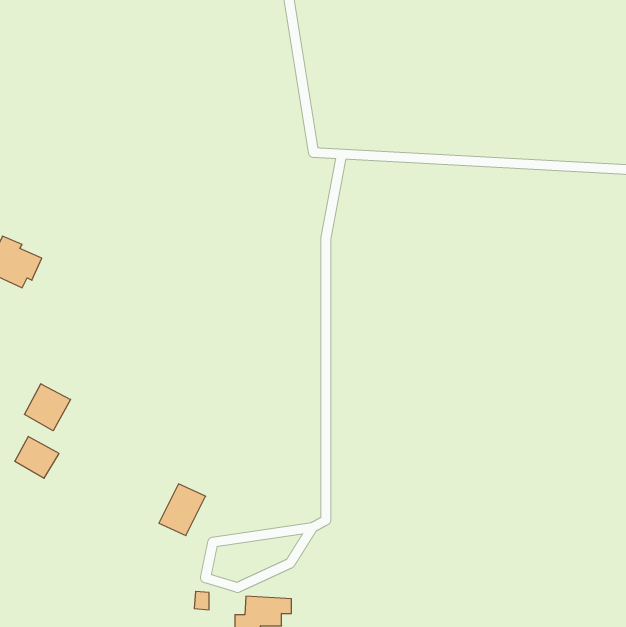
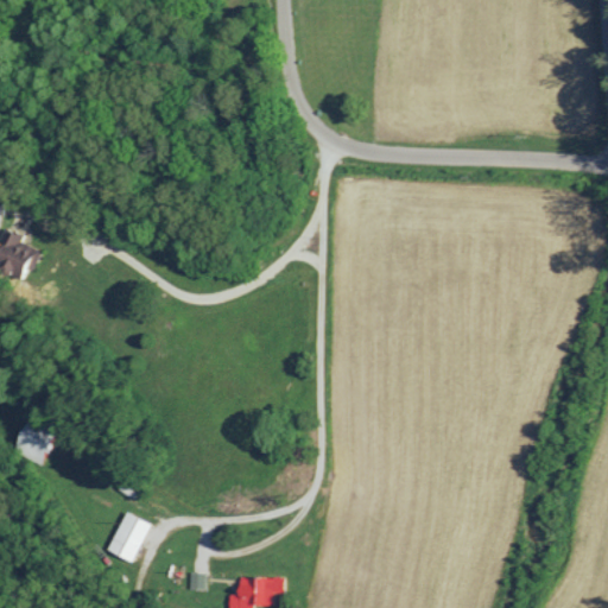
building: [24,384,71,431] -> none
building: [159,484,206,536] -> [104,513,150,563]

